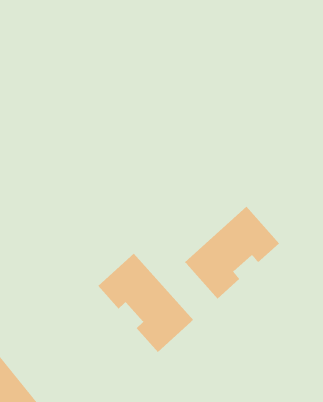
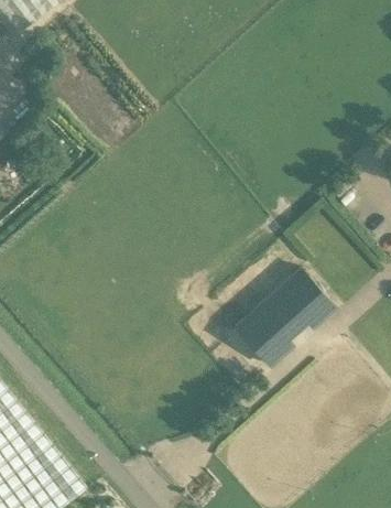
building: [98,253,194,353] -> none

